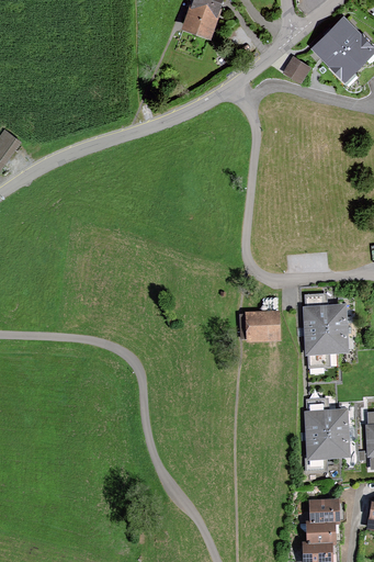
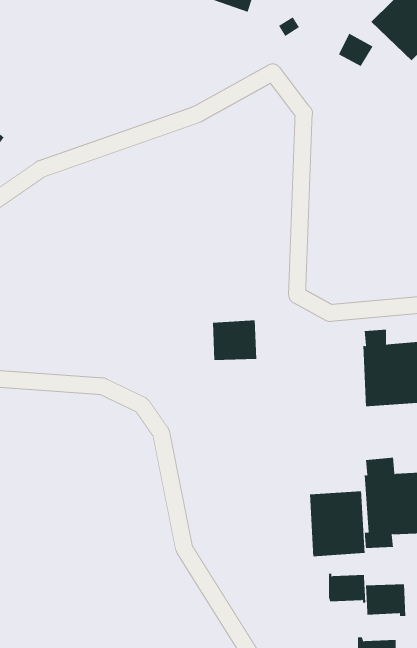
building: [246,310,282,342] -> [212,320,257,361]
building: none -> [310,490,365,557]
building: [304,521,335,546] -> [328,573,366,603]

